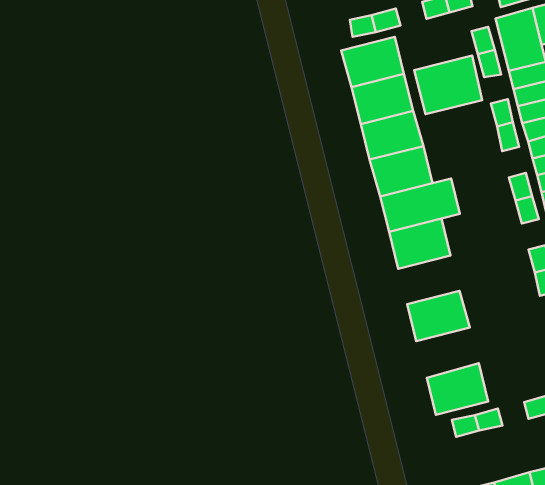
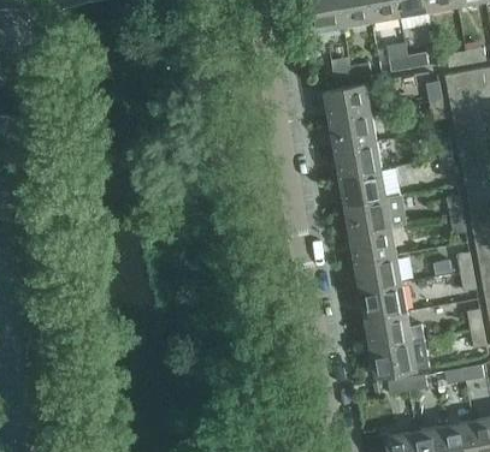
building: [414,55,482,114] -> none
building: none -> [355,255,401,290]
building: none -> [365,311,424,347]

